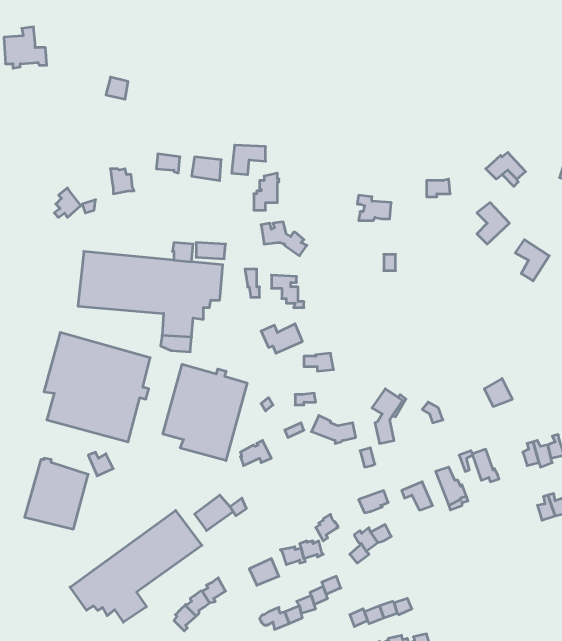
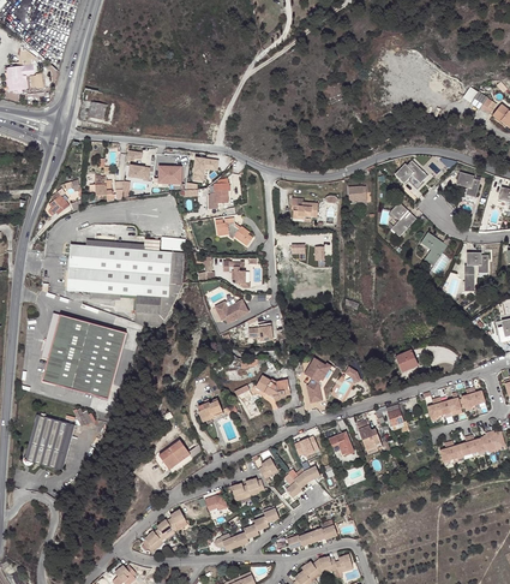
building: [163,364,247,461] -> none
building: [70,510,202,622] -> none

